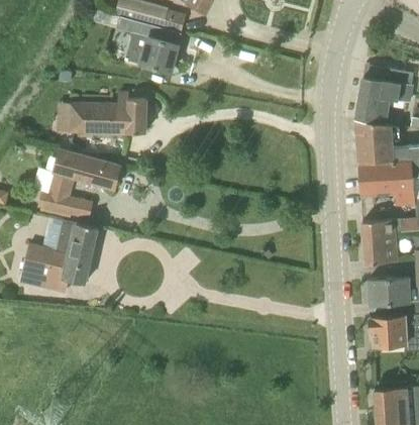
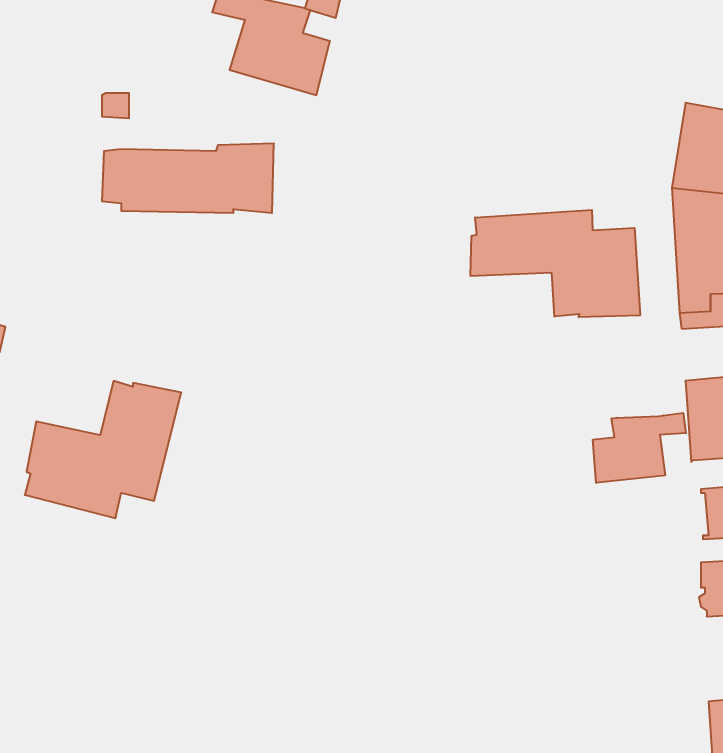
building: none -> [471,210,640,317]
building: [41,149,121,217] -> none
building: none -> [593,413,686,483]

